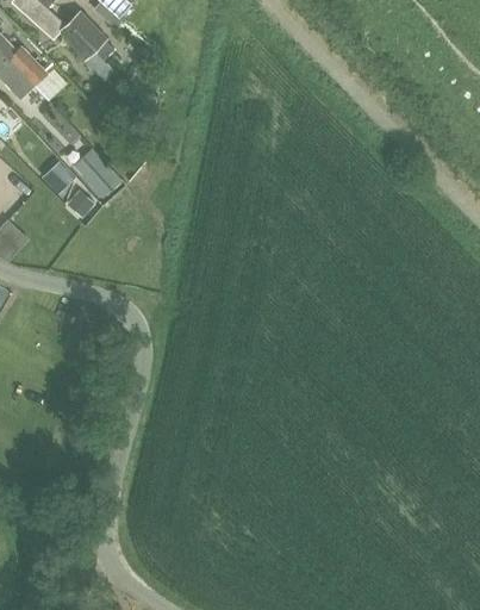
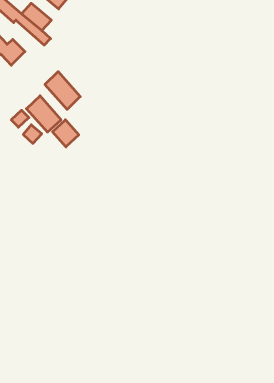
building: none -> [45,72,80,109]
building: none -> [53,120,79,147]

